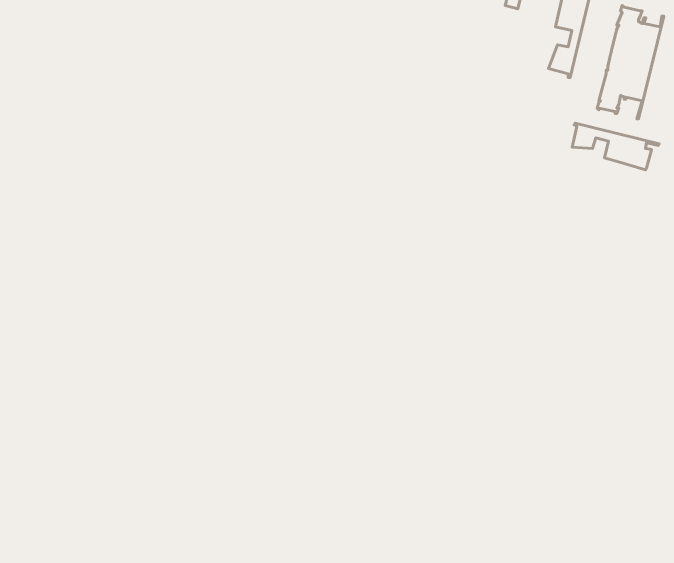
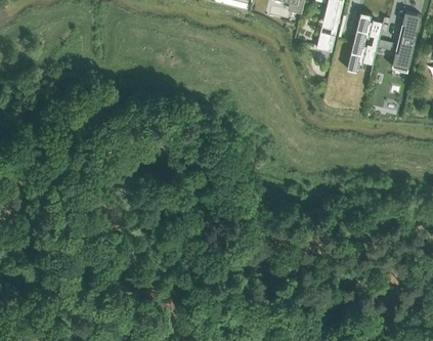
building: [572,123,659,170] -> none

